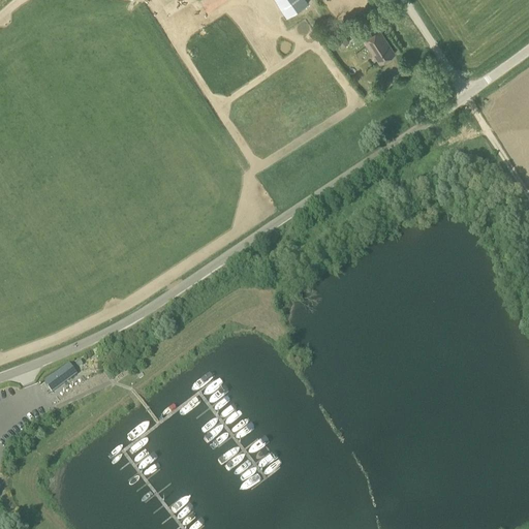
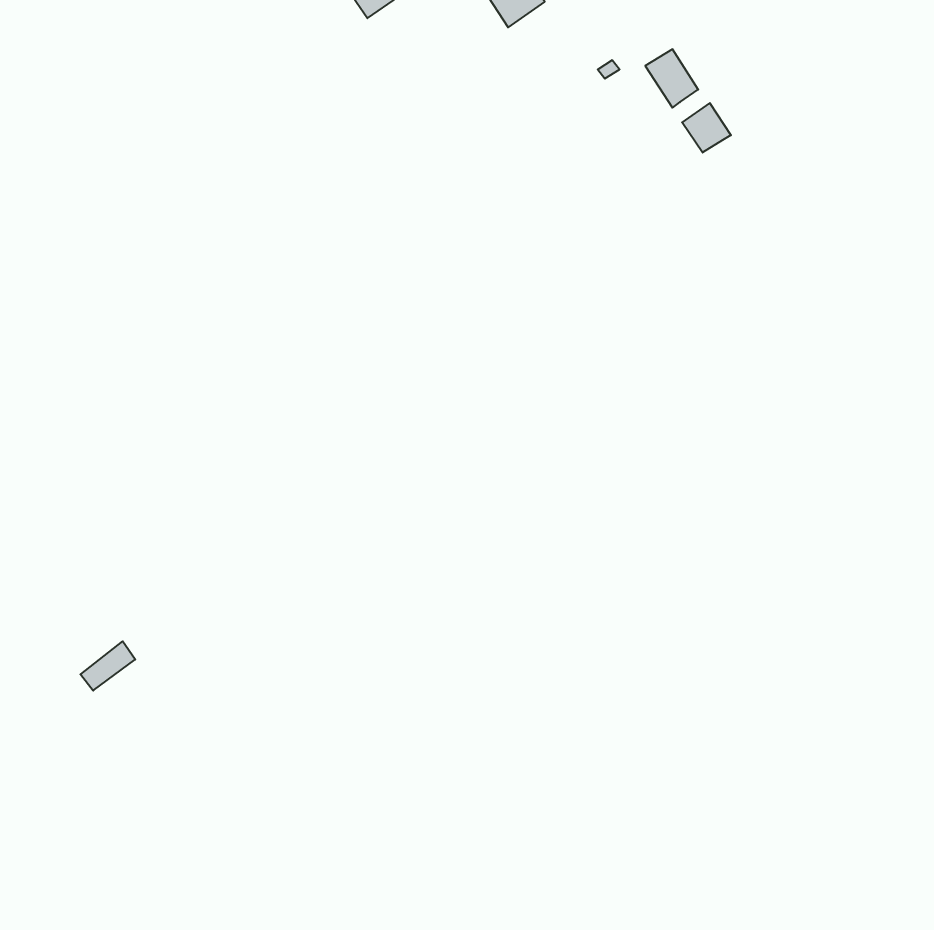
building: none -> [682,103,731,153]

